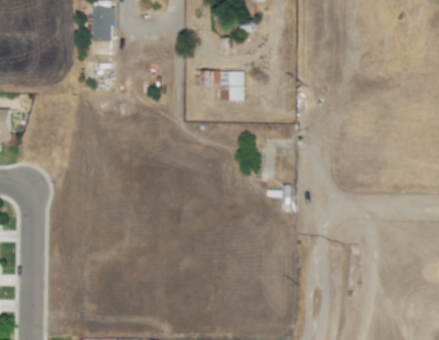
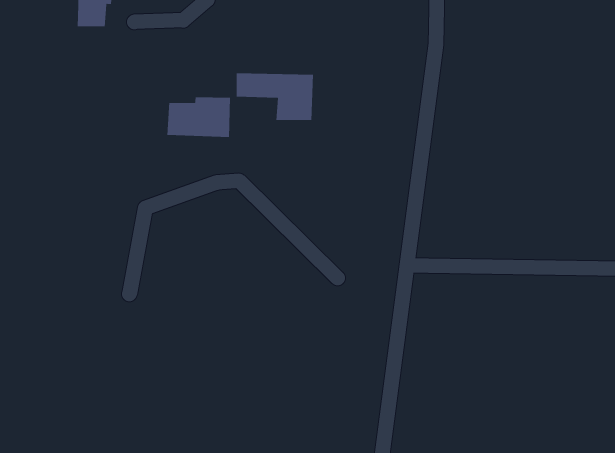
building: none -> [167,97,230,138]

